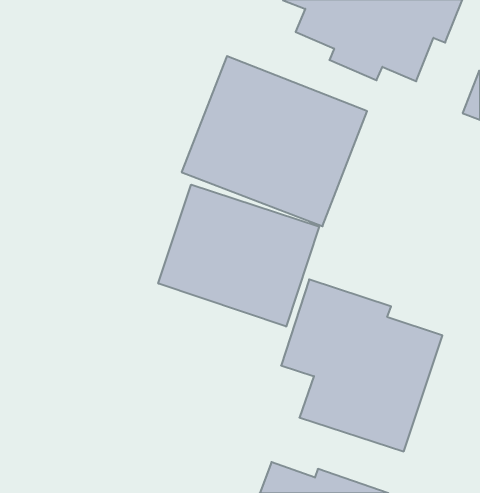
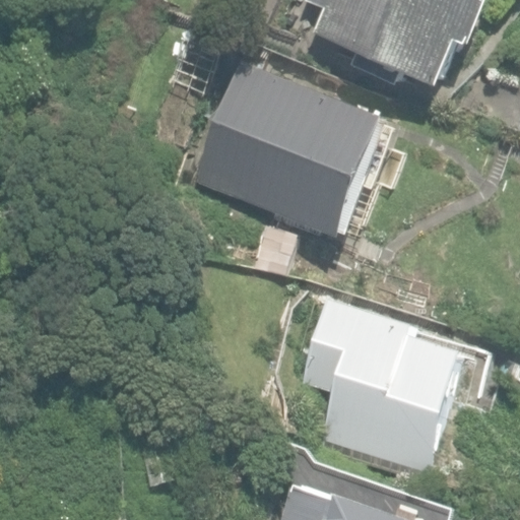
building: [158,185,319,327] -> none

